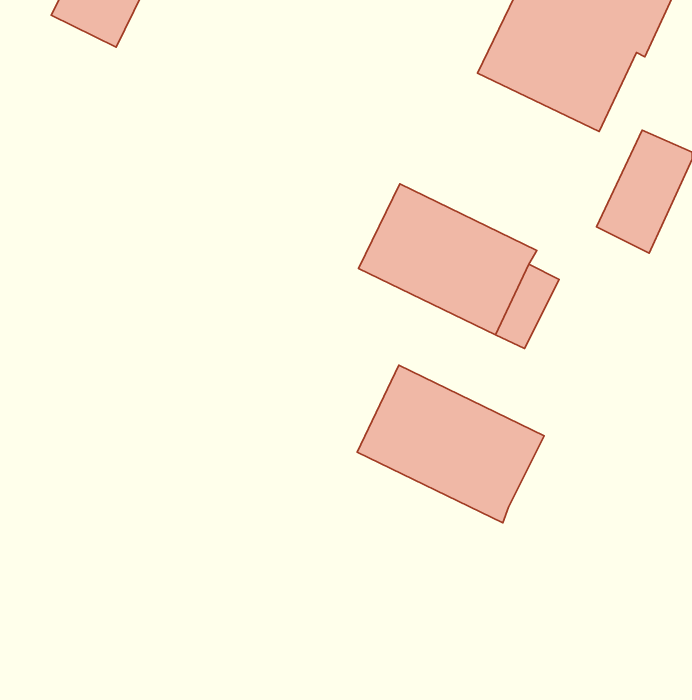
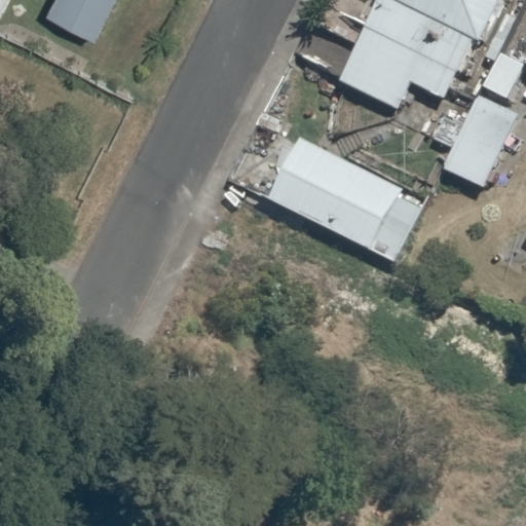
building: [357,365,544,523] -> none

